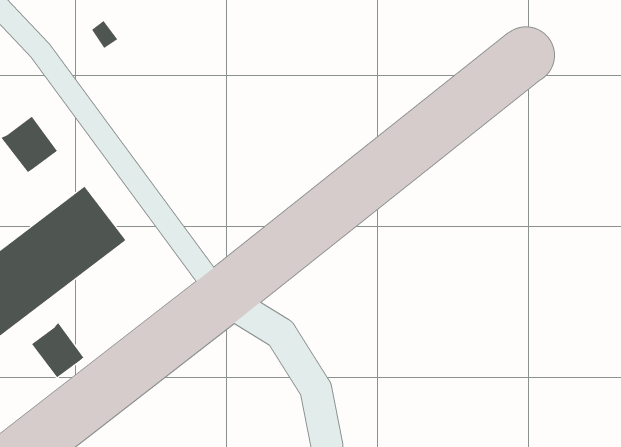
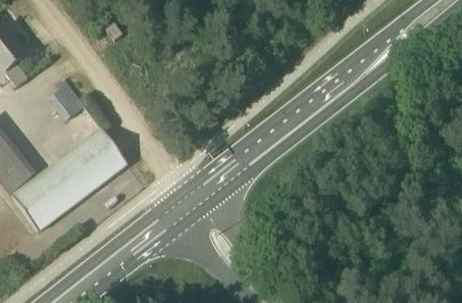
building: [31,322,84,378] -> none

